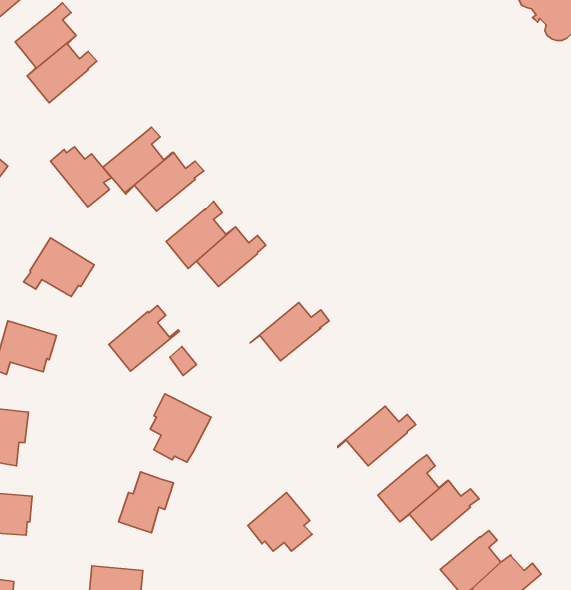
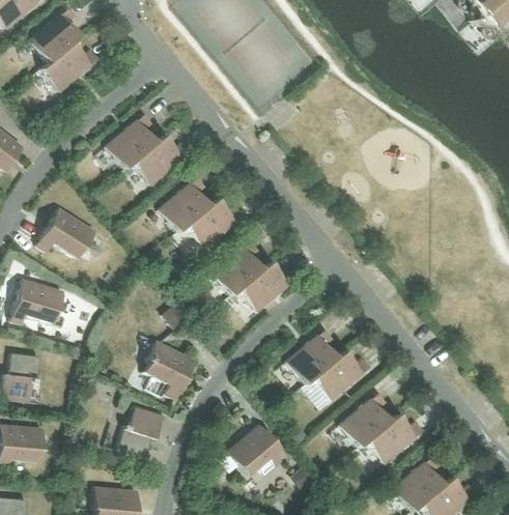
building: [51,147,112,207] -> none
building: [109,305,179,371] -> [210,240,271,296]
building: none -> [285,328,344,384]

